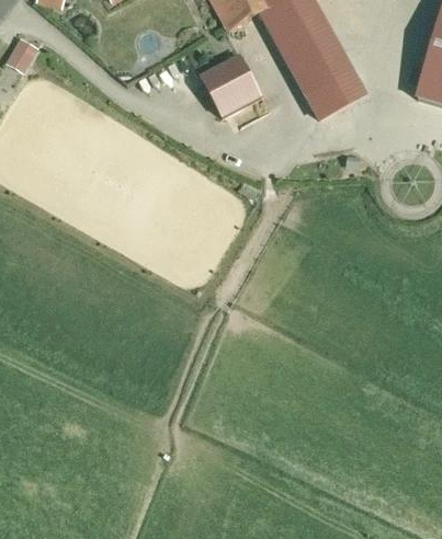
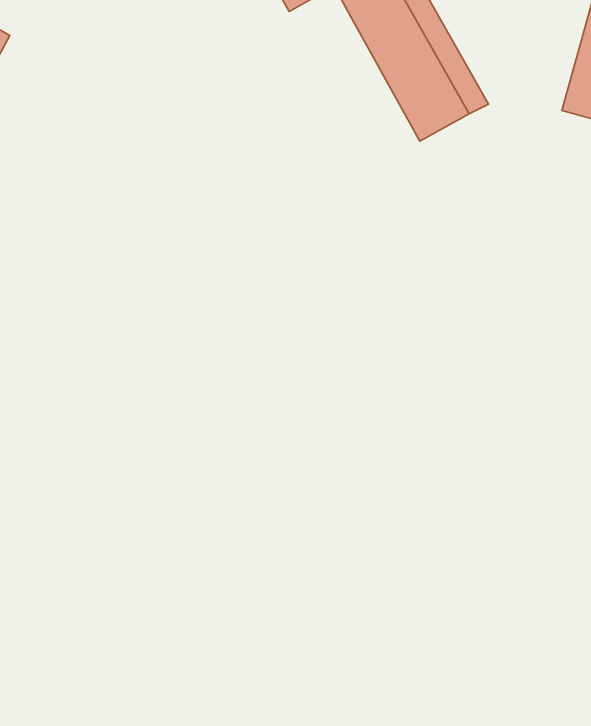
building: [201,55,262,117] -> none

